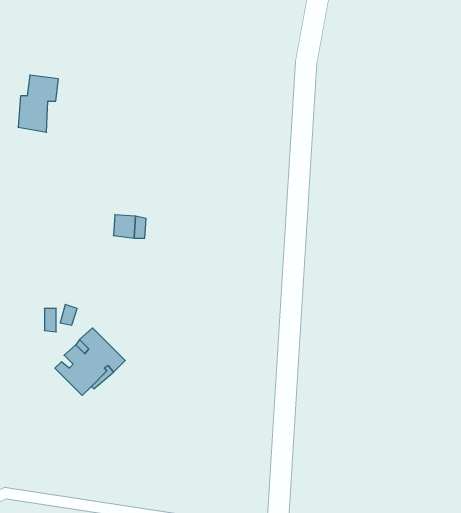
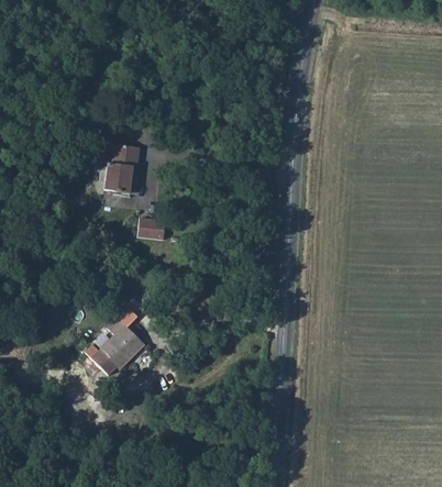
building: [18,75,58,132] -> [106,144,140,192]

